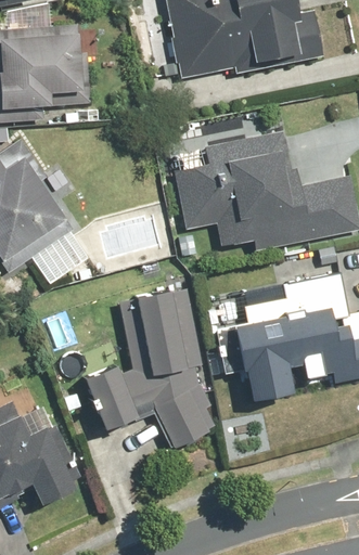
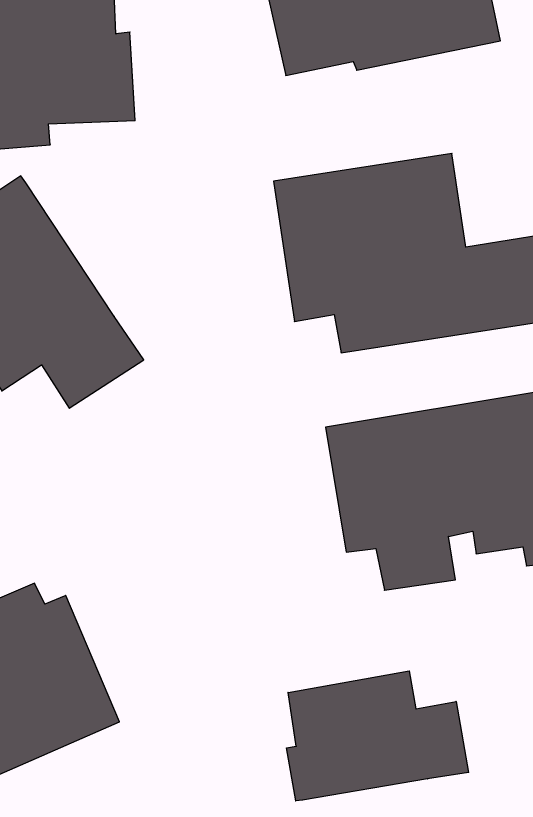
building: [82,291,215,447] -> none
building: none -> [287,671,469,801]

